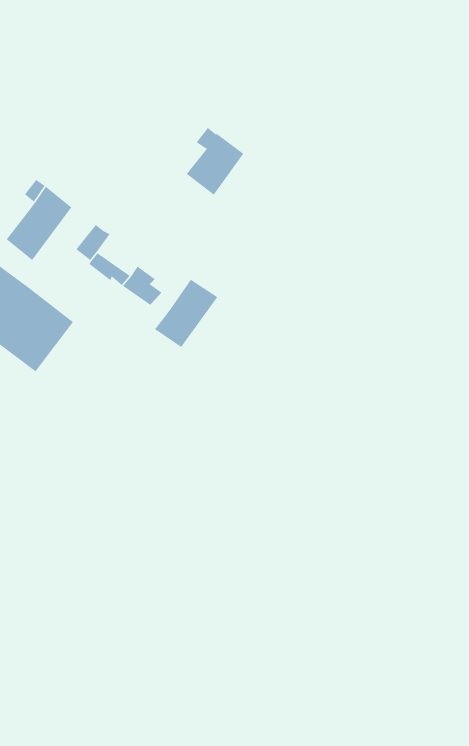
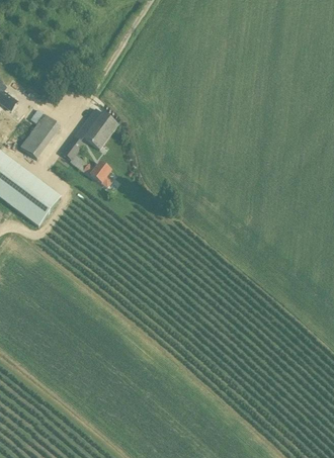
building: [186,127,244,195] -> [82,107,117,149]
building: [154,279,218,348] -> none

